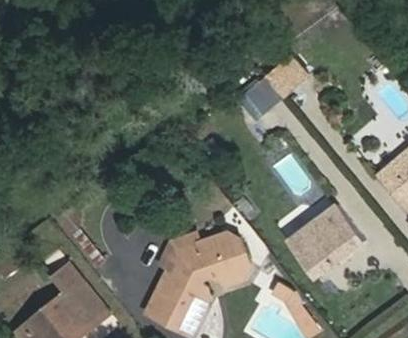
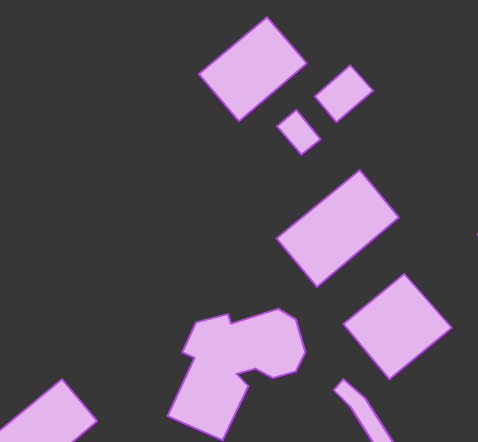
building: none -> [199,17,307,121]
building: none -> [277,170,399,287]

